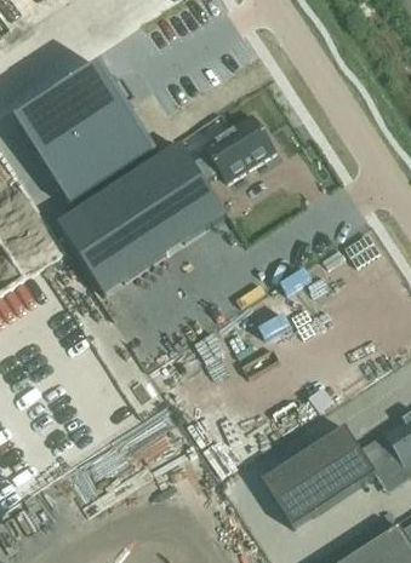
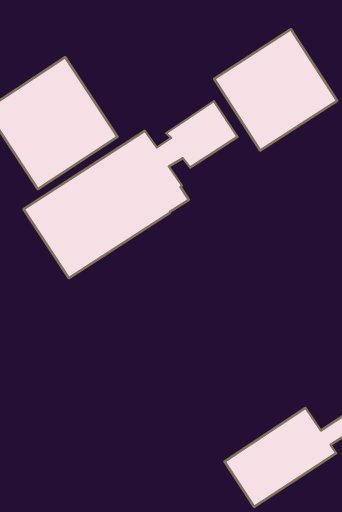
building: none -> [214,29,337,150]

